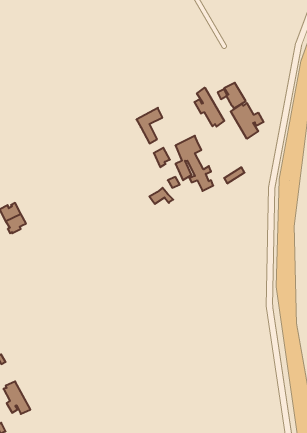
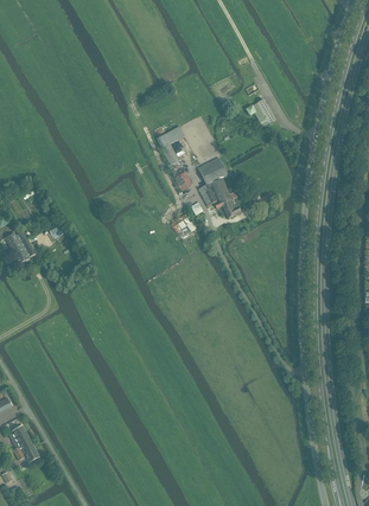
building: [194,88,224,127] -> none
building: [231,103,264,139] -> none

